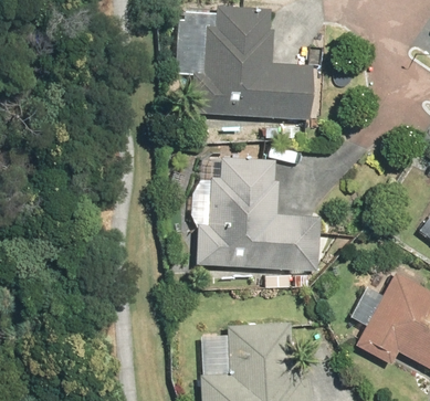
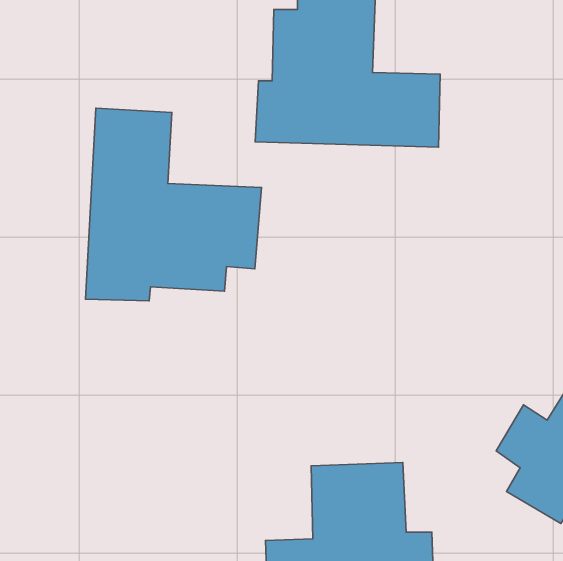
building: none -> [85,108,261,301]
building: [192,159,316,268] -> none

